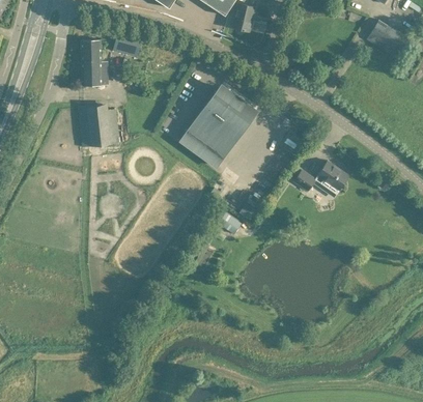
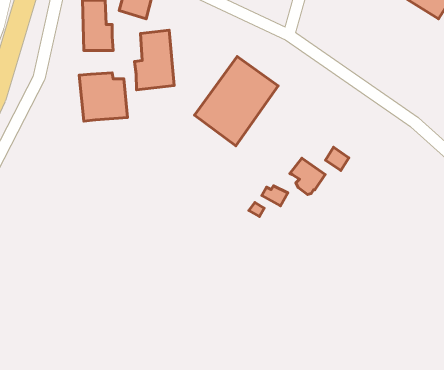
building: none -> [135,30,174,90]
building: [317,161,348,193] -> [290,158,325,195]

